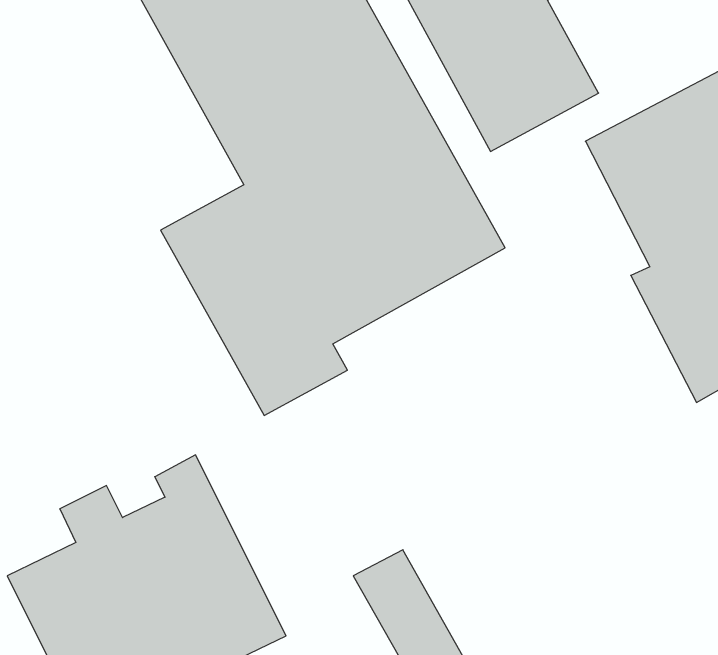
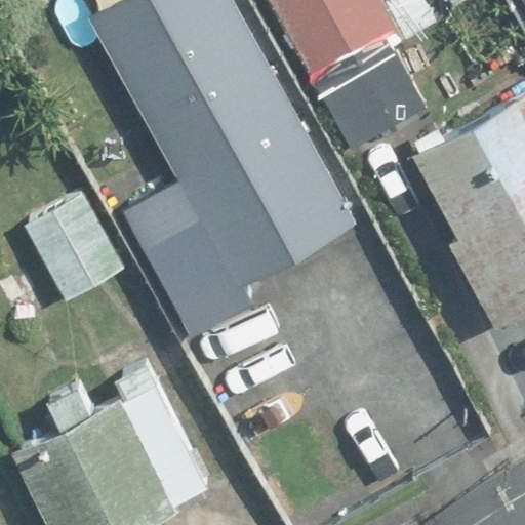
building: none -> [19,190,130,308]

